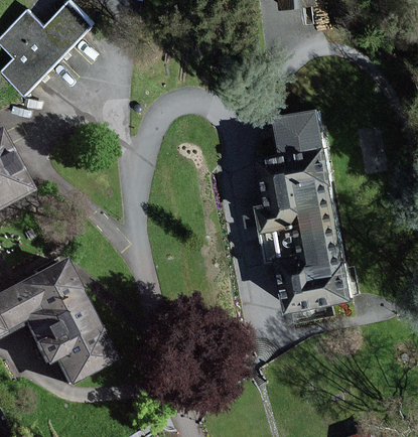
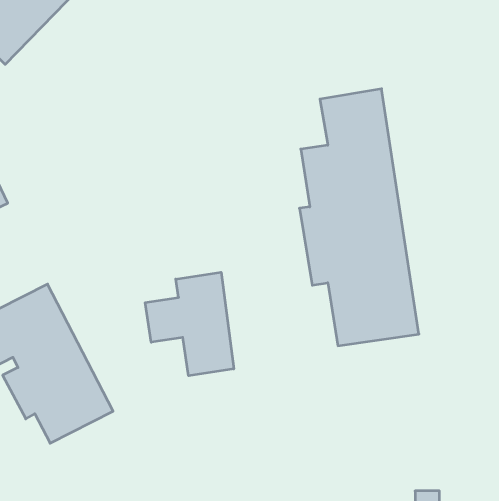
building: none -> [145,272,234,376]

